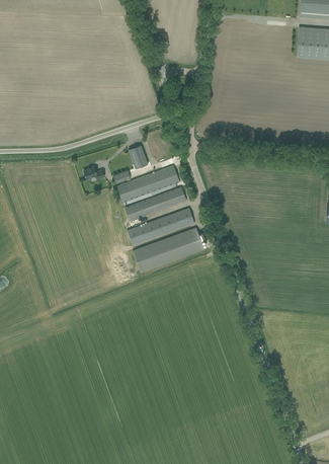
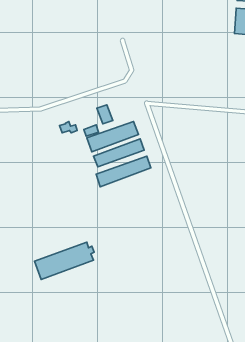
building: [133,227,205,273] -> [35,242,94,279]

